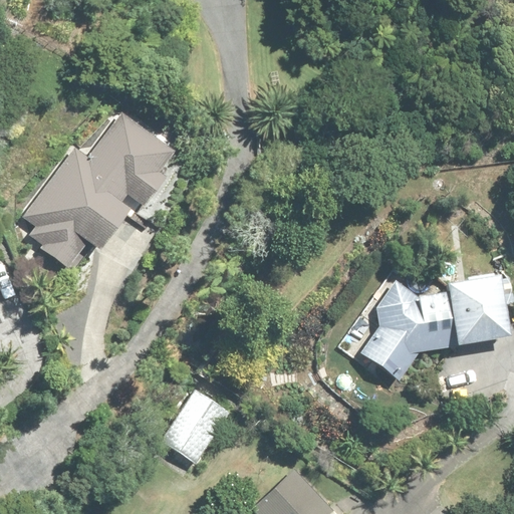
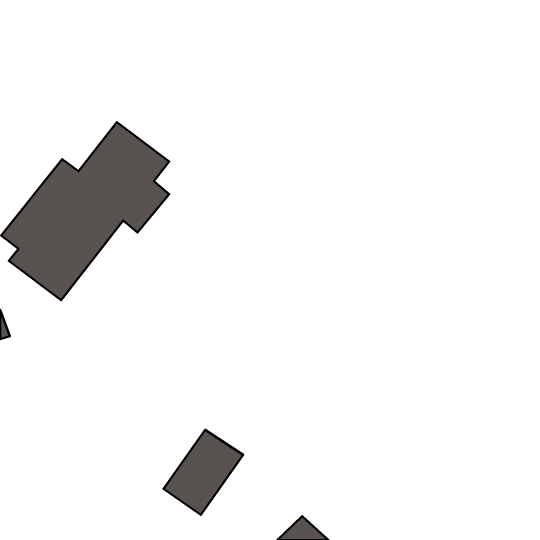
building: [353,285,505,376] -> none

